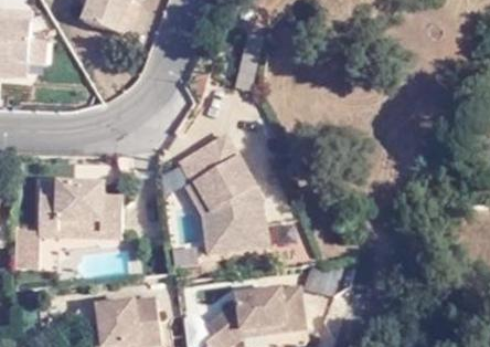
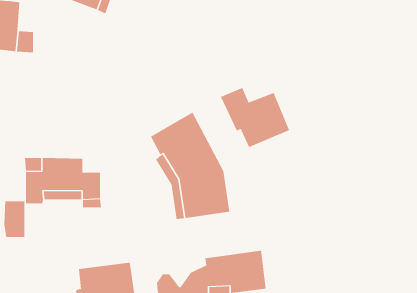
building: none -> [220,87,290,148]

